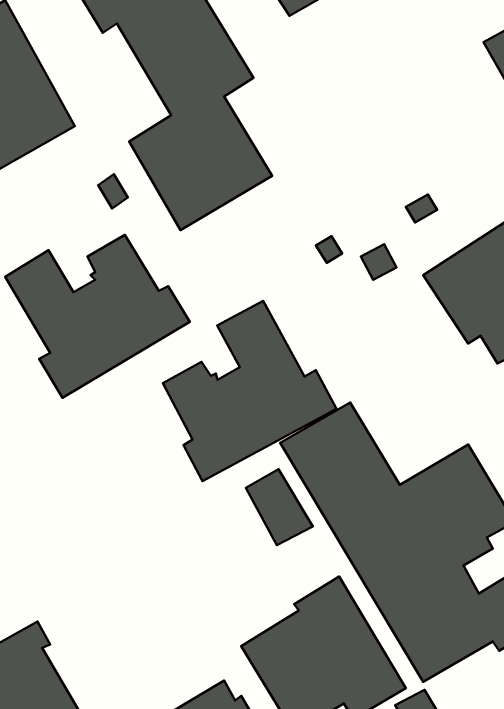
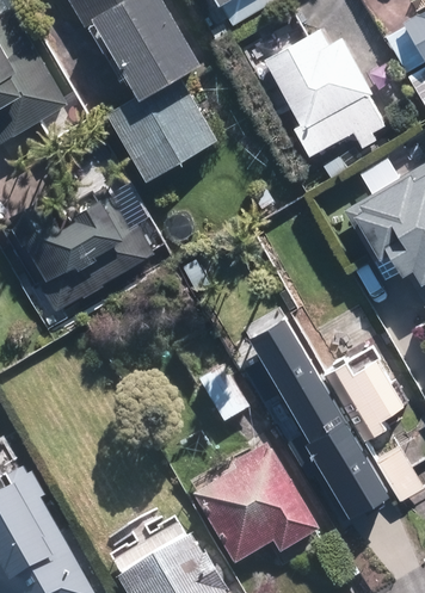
building: none -> [264,19,384,146]
building: [163,301,337,481] -> none

